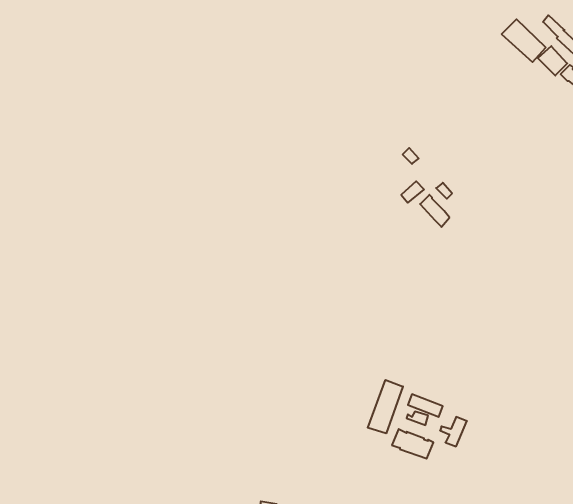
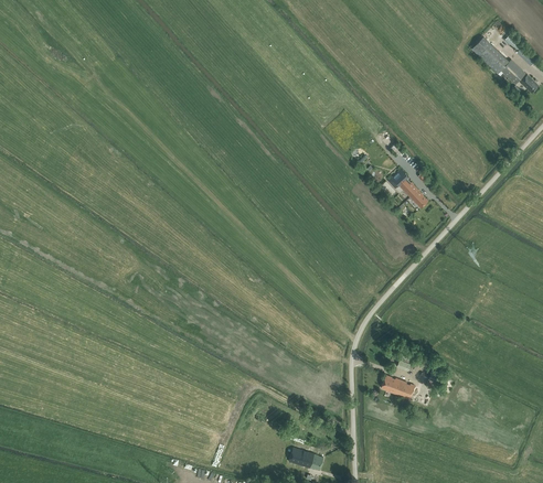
building: [368,380,403,433] -> none

